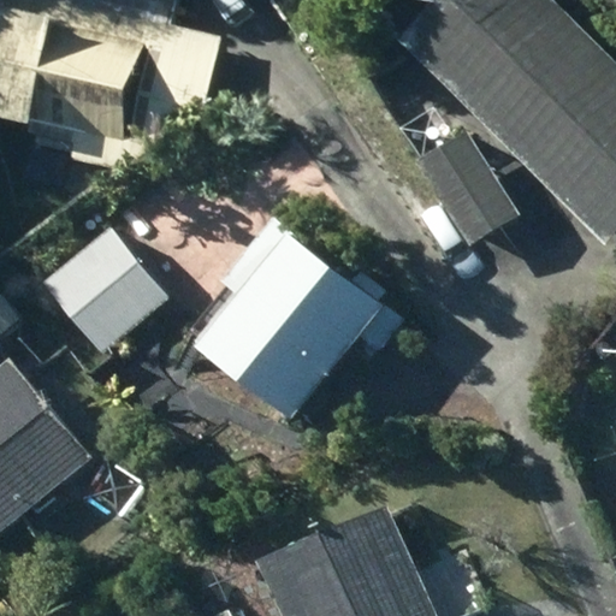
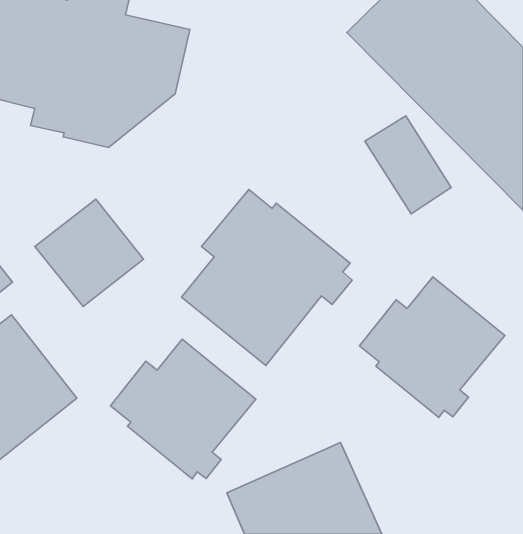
building: none -> [359,277,505,417]
building: none -> [110,339,256,479]

